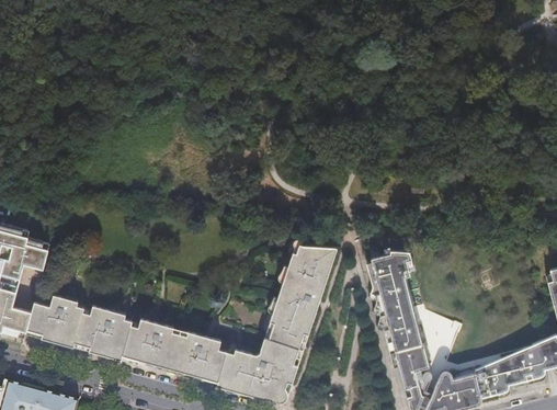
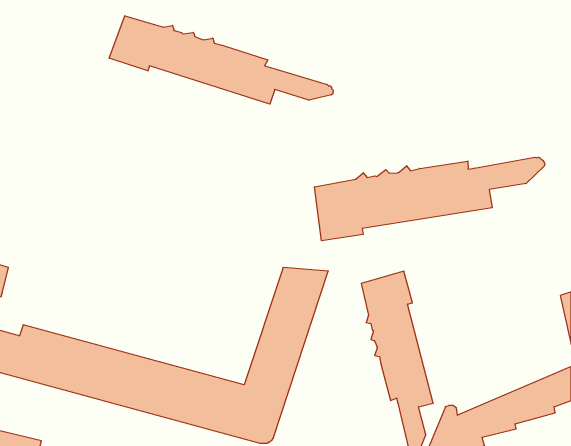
building: none -> [109,16,333,104]
building: none -> [315,157,545,241]

